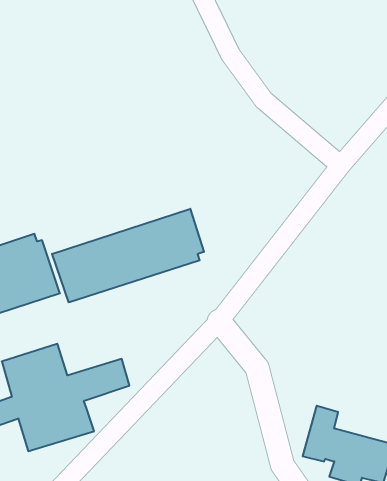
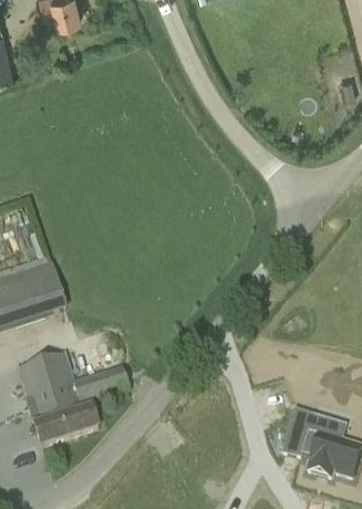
building: [52,209,204,302] -> none

